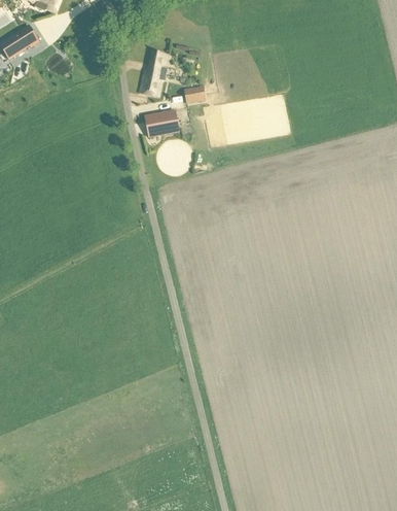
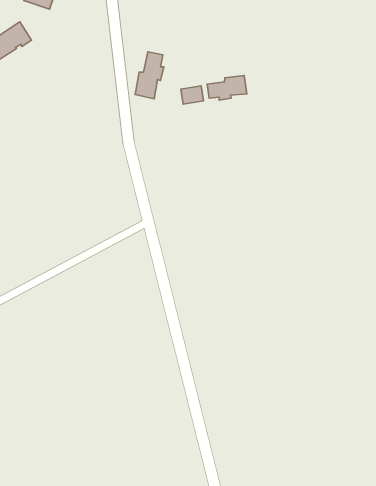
building: none -> [207,76,247,100]
building: [145,109,179,136] -> none

